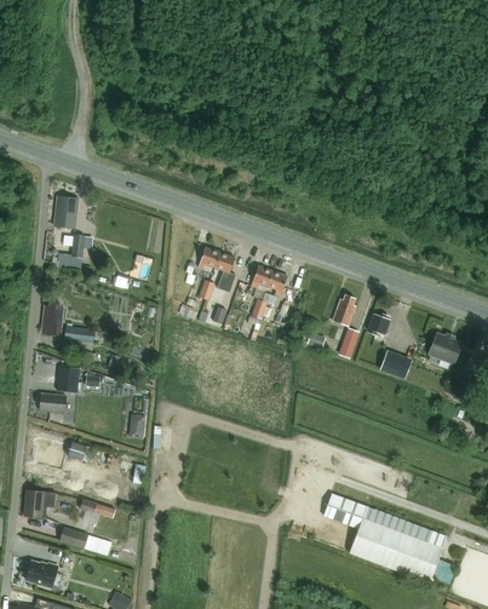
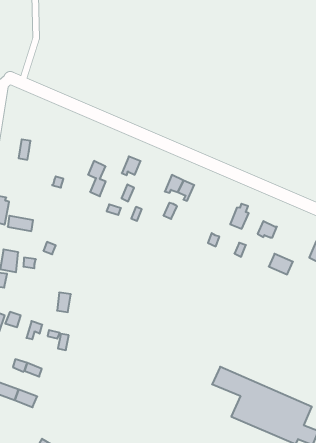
building: [54,196,79,228] -> none
building: [214,251,236,293] -> [88,161,106,196]

